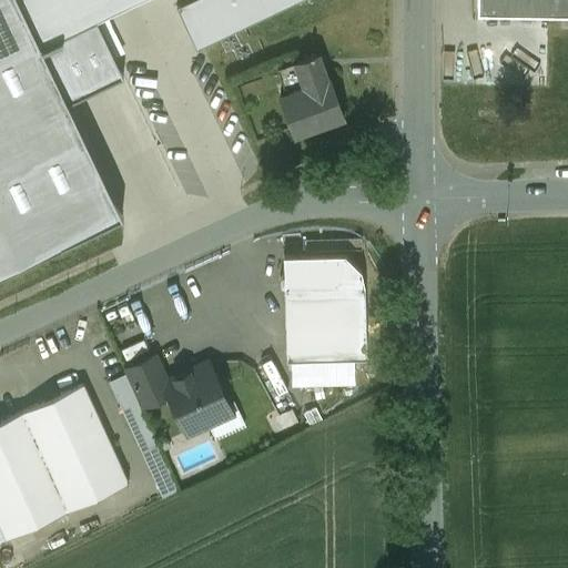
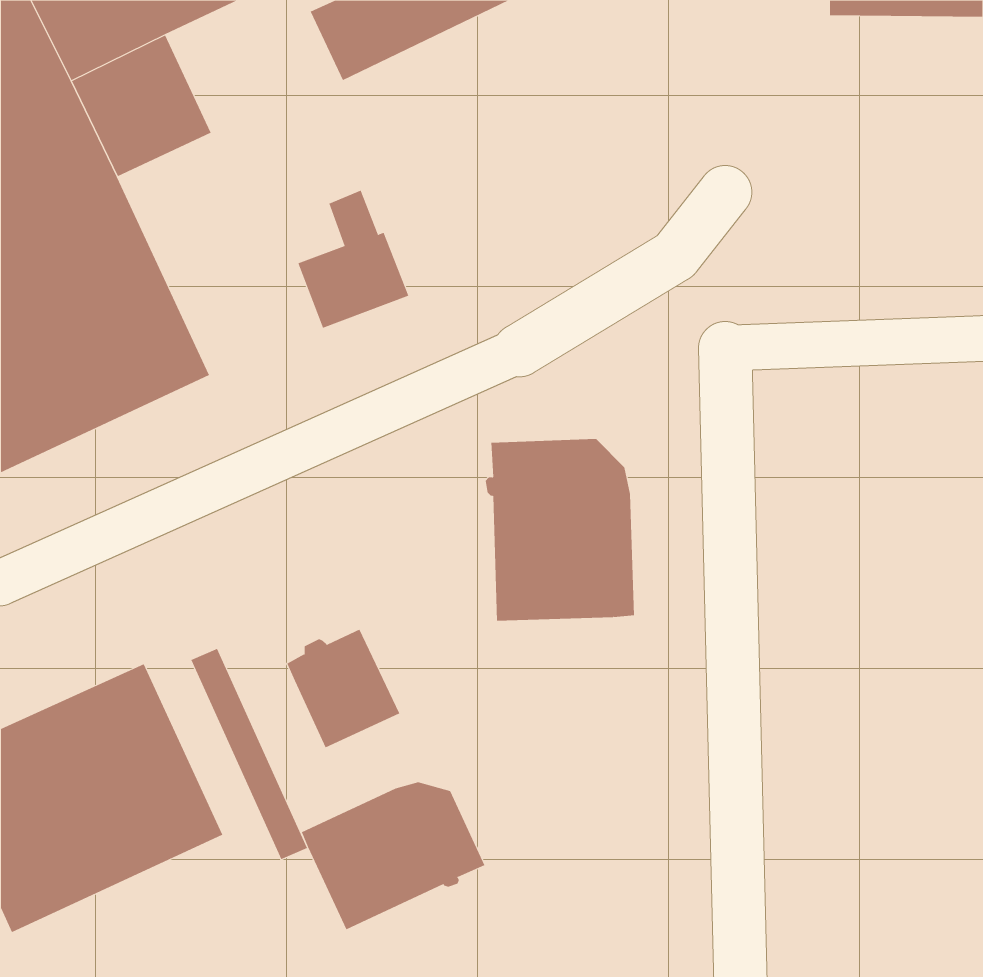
building: [280,59,344,139] -> [298,190,409,328]
building: [125,359,170,408] -> none
building: [292,359,355,388] -> none
building: none -> [301,781,485,930]

